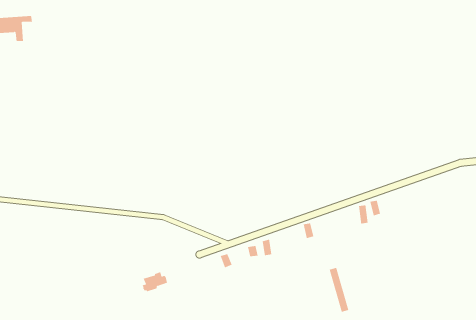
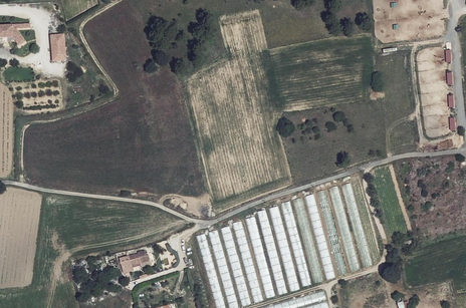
building: none -> [49,34,65,61]

